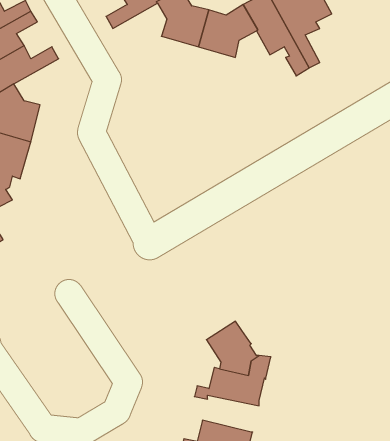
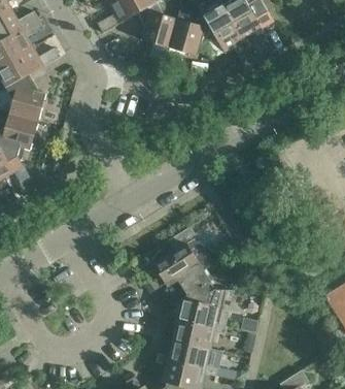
building: none -> [154,227,213,287]
building: none -> [172,320,227,349]

